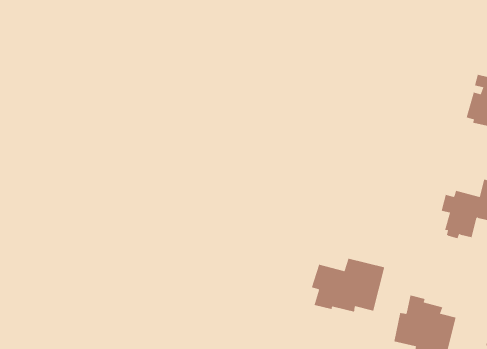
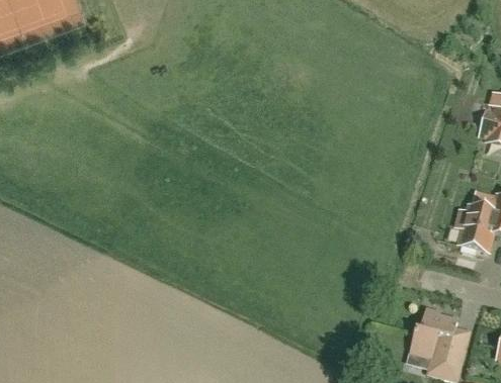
building: [311,258,385,312] -> none

